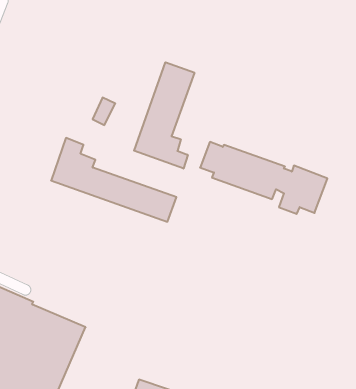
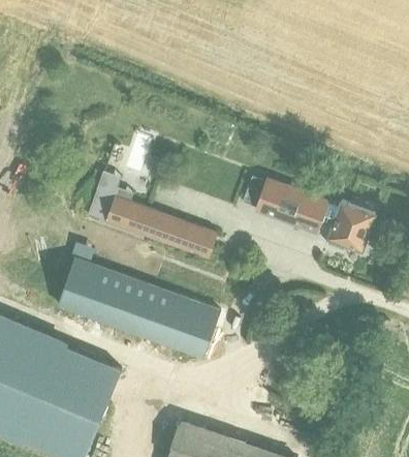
building: [134,62,194,169] -> none
building: none -> [58,258,222,359]

